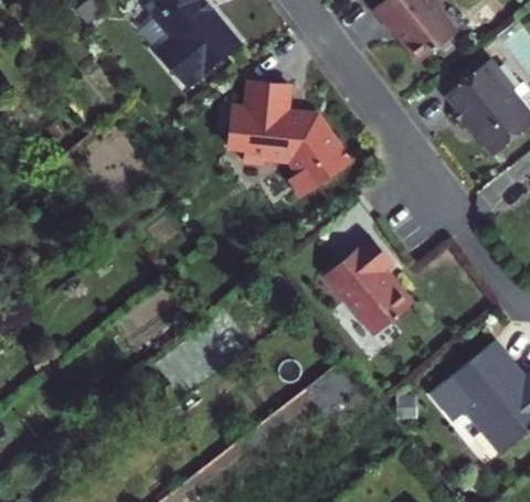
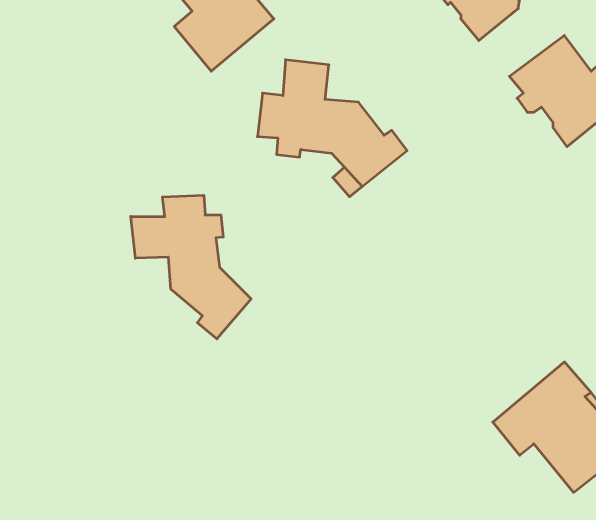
building: none -> [131,195,251,339]
building: [325,235,414,334] -> none

